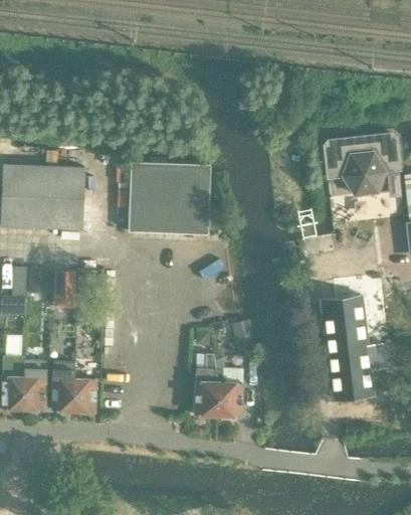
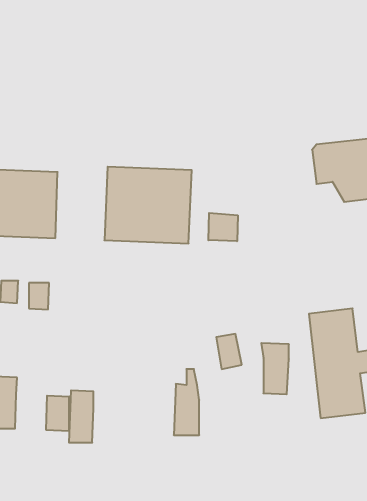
building: none -> [208,213,238,241]
building: [51,362,74,411] -> [69,390,93,443]
building: [216,369,242,417] -> [261,343,289,394]

